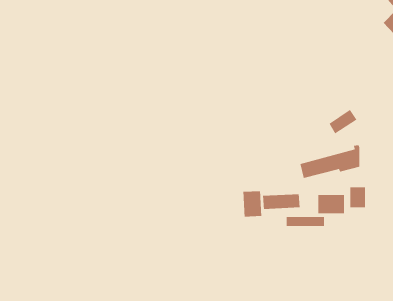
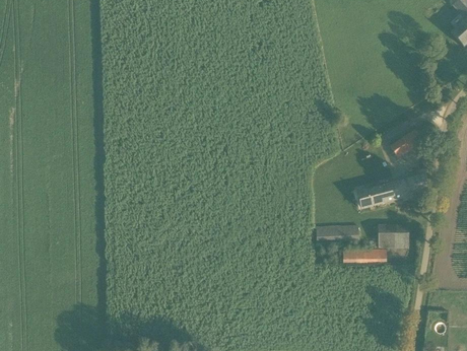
building: [349,187,366,208] -> none
building: [242,190,262,218] -> none

